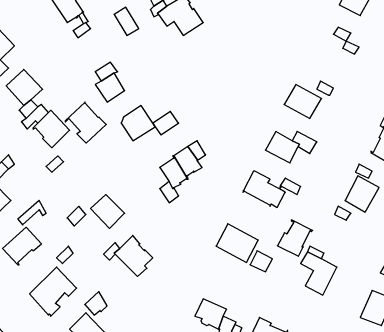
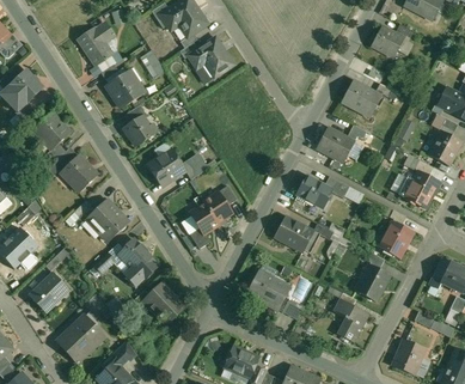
building: none -> [105,72,143,106]
building: none -> [341,80,380,116]
building: [65,102,106,143] -> [86,199,128,240]
building: [277,220,313,256] -> [354,263,390,300]

